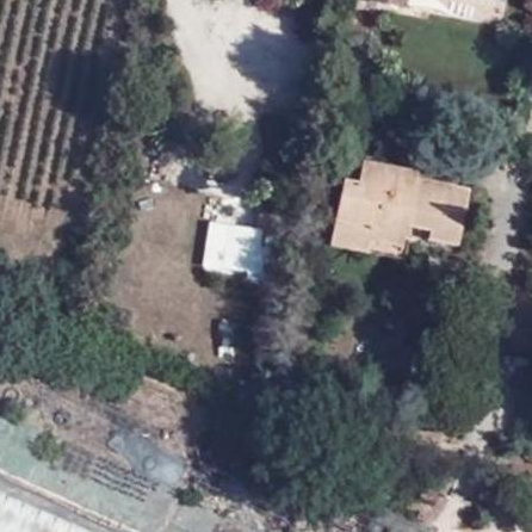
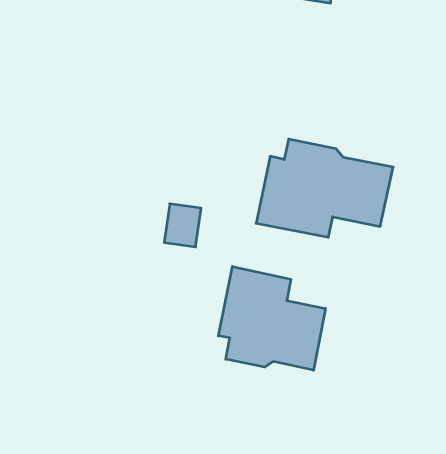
building: none -> [218,266,325,370]

